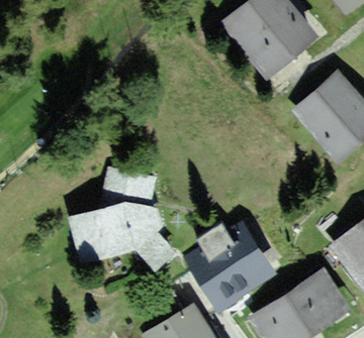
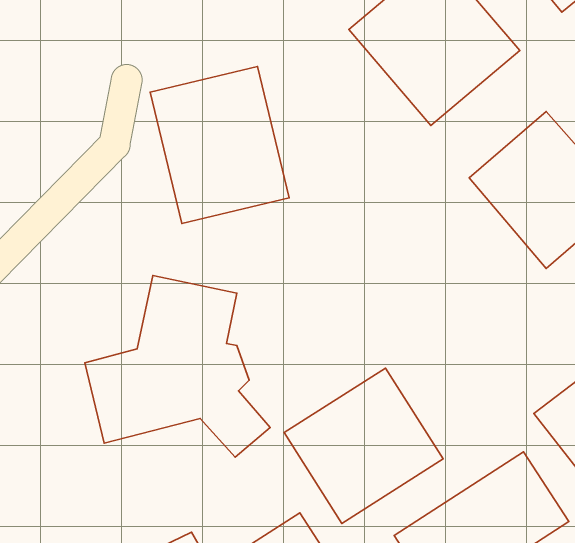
building: none -> [150,67,289,224]

